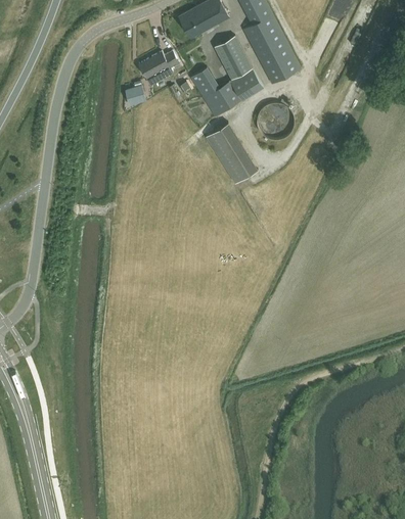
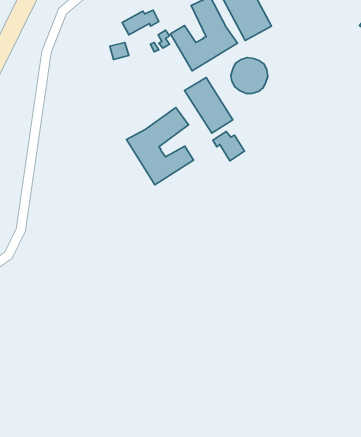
building: none -> [127,108,194,185]
building: none -> [213,131,245,161]

